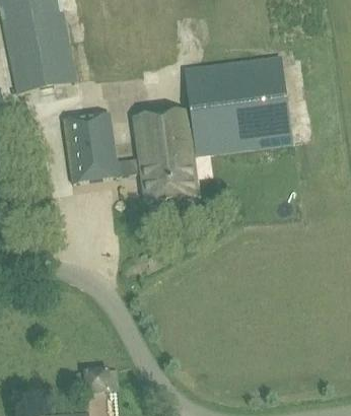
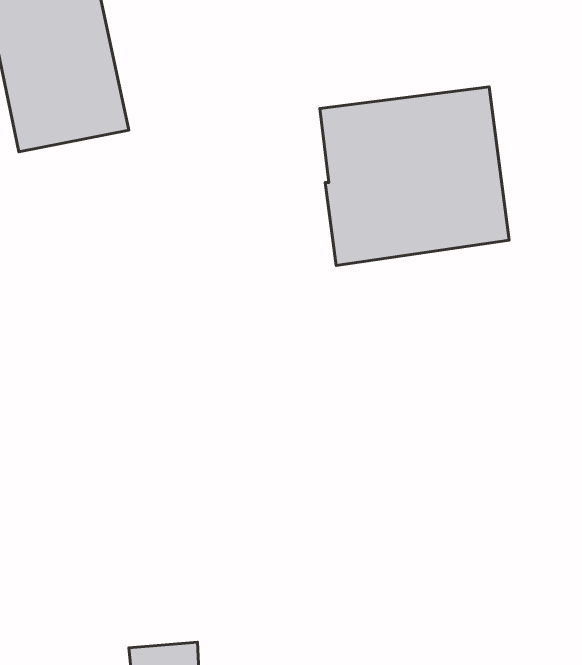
building: [64,110,200,202] -> none

